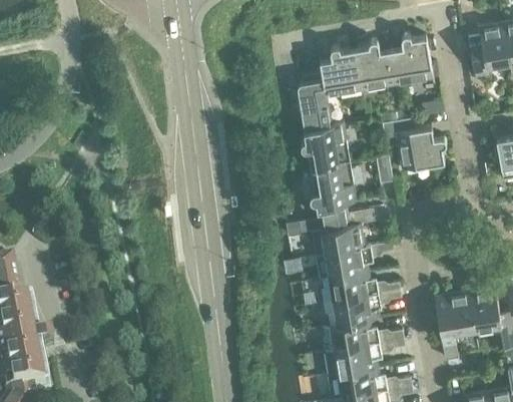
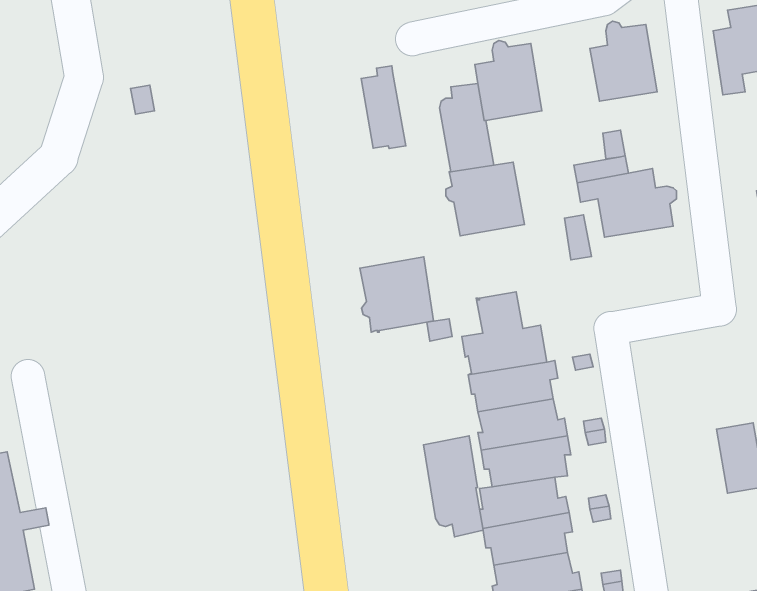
building: [355,41,398,91] -> none
building: none -> [361,66,406,149]
building: [311,162,357,210] -> [360,257,434,332]
building: [434,291,478,361] -> none
building: none -> [423,436,483,537]

